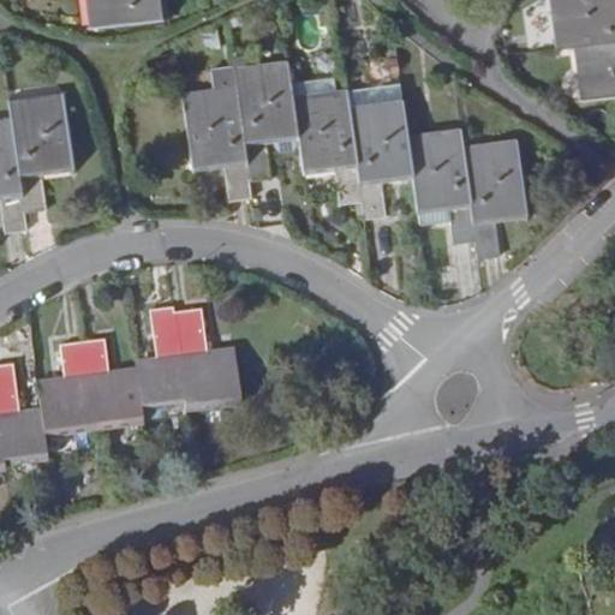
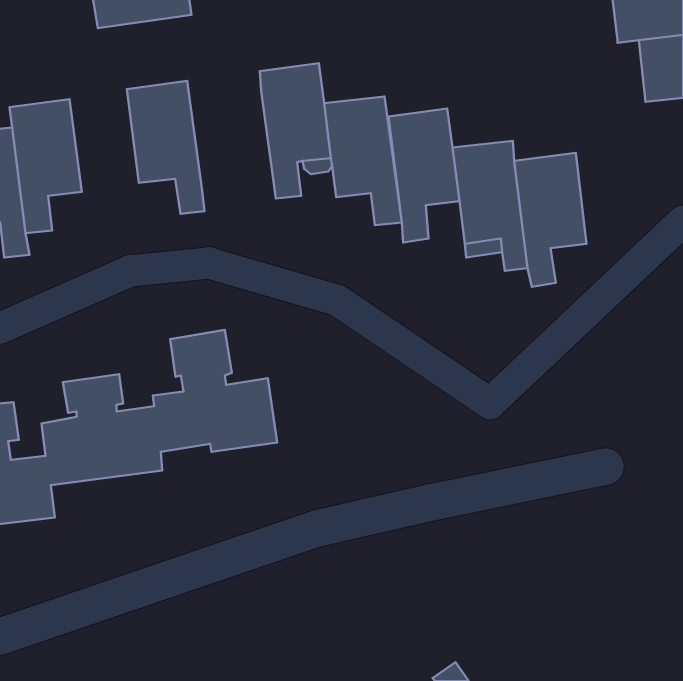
building: [180,82,250,201] -> [127,81,205,214]

